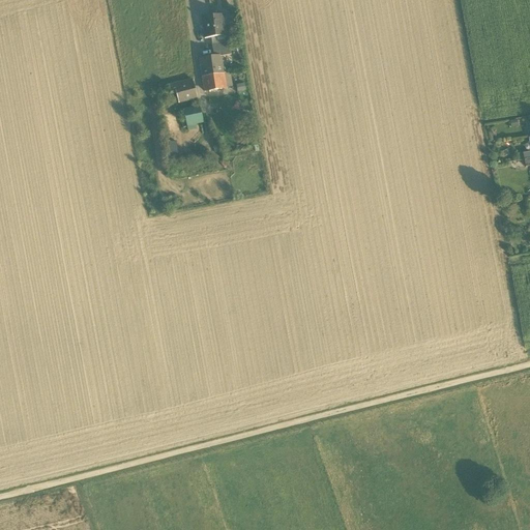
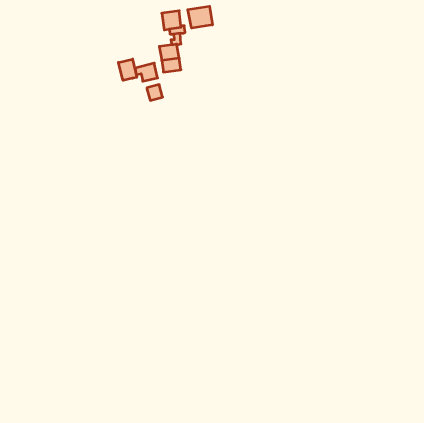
building: none -> [188,6,212,28]
building: none -> [118,59,137,80]

